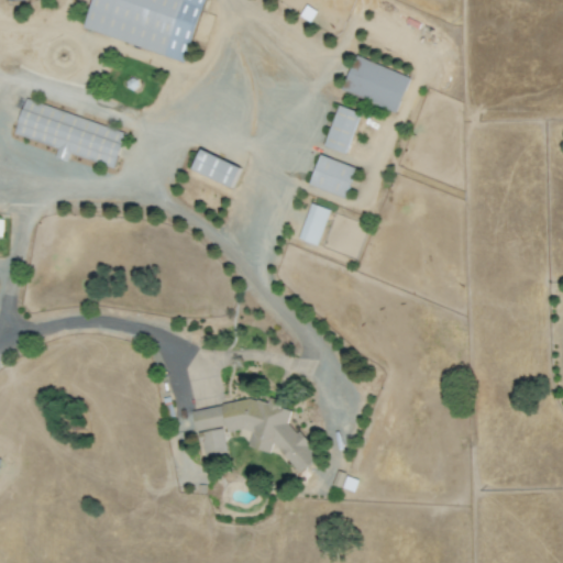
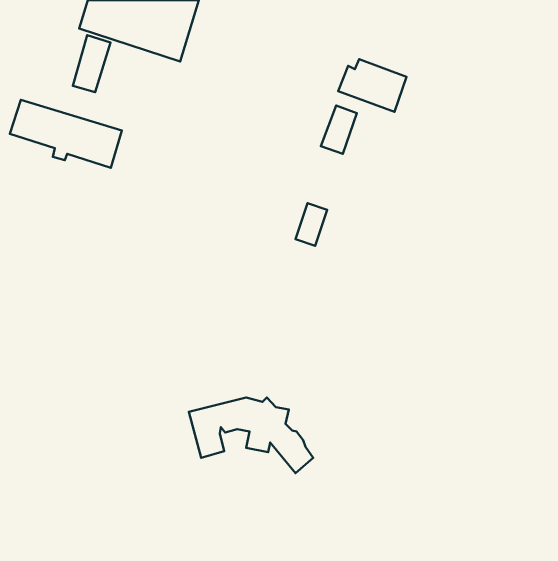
building: none -> [73,35,110,92]
building: [189,150,239,188] -> none
building: [309,156,354,197] -> none

